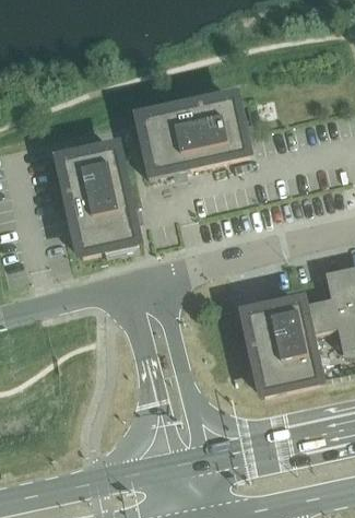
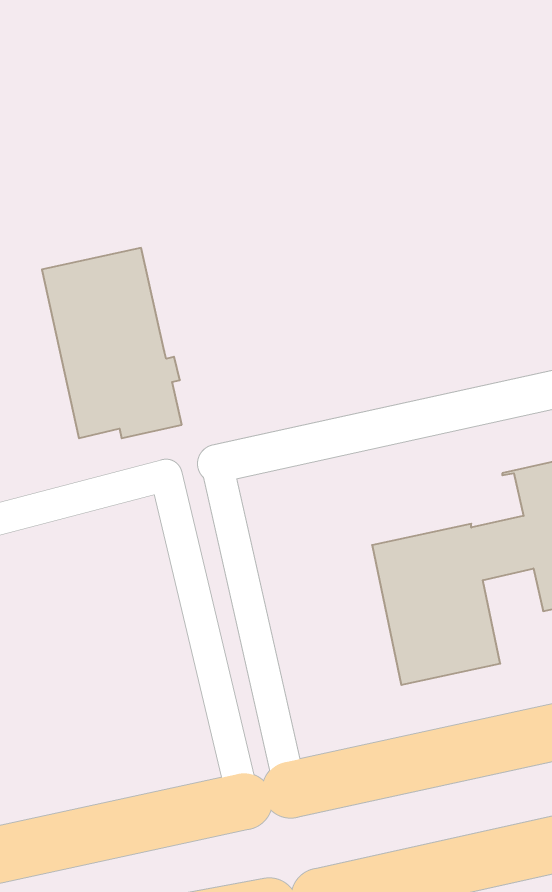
building: [138,96,245,175] -> none

